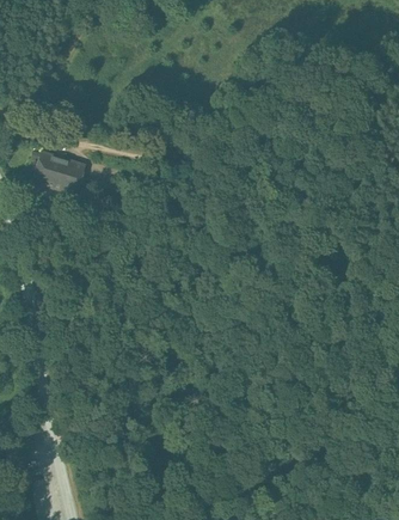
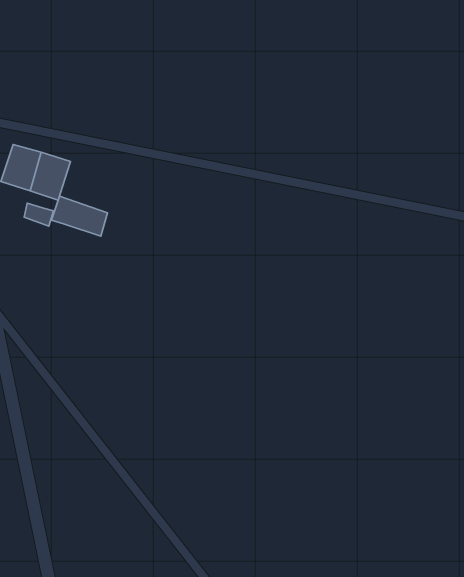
building: none -> [51,196,108,236]

